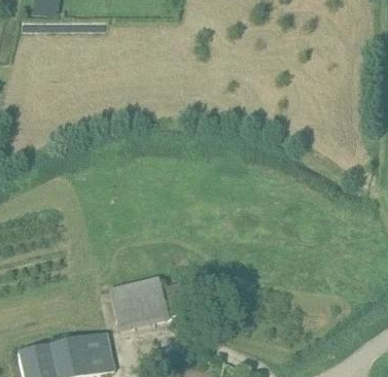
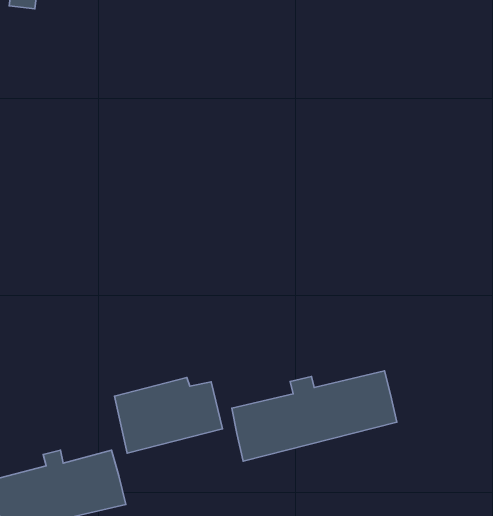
building: none -> [232,371,397,461]

